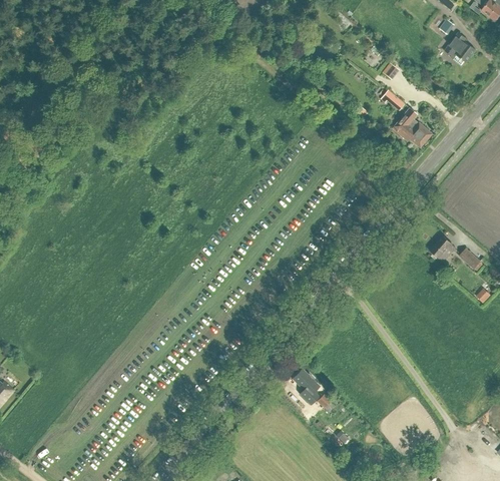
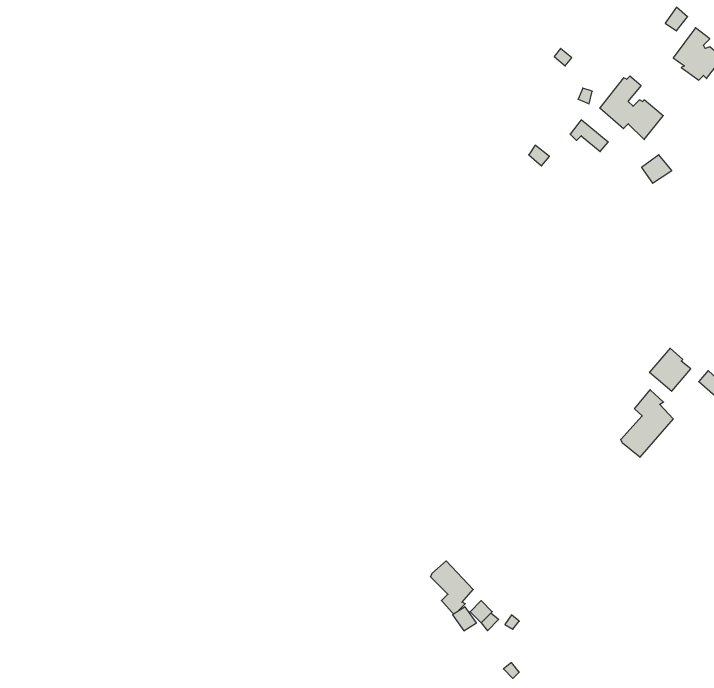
building: [391,107,431,147] -> [600,76,663,140]
building: none -> [621,390,673,457]

